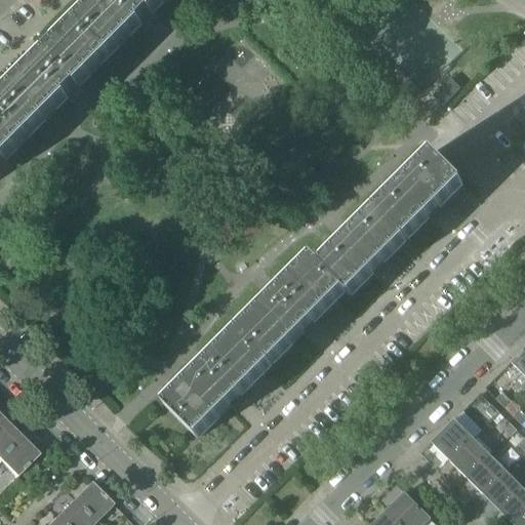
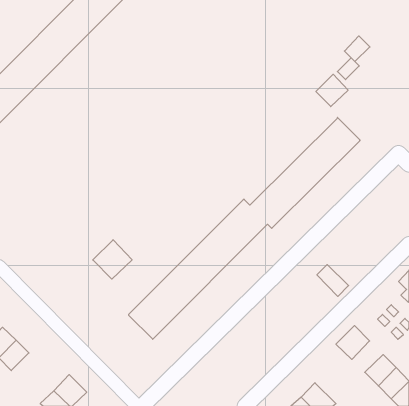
building: none -> [344,36,370,61]
building: none -> [316,74,348,107]
building: none -> [93,240,132,279]
building: none -> [317,265,349,296]
building: [449,435,489,475] -> none

